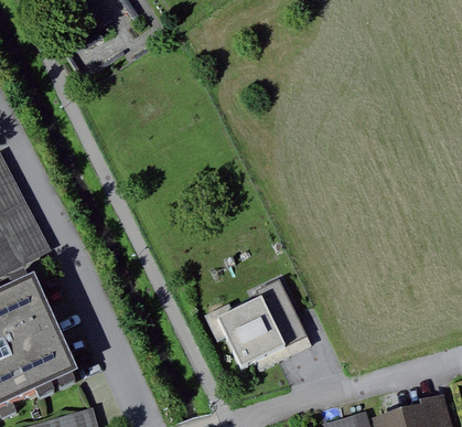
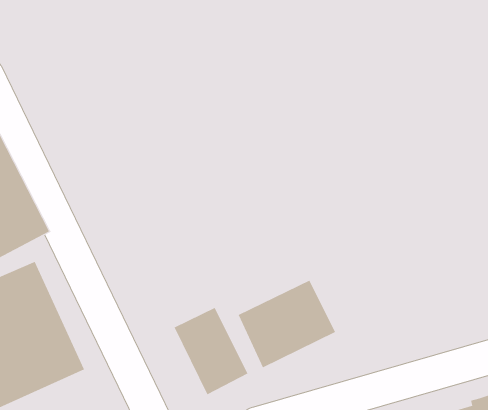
building: none -> [174,307,248,395]

